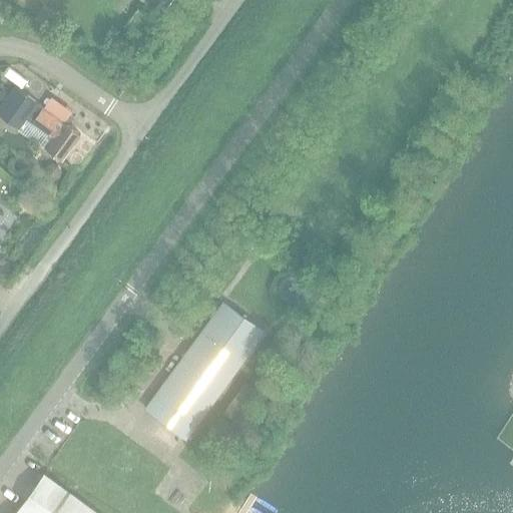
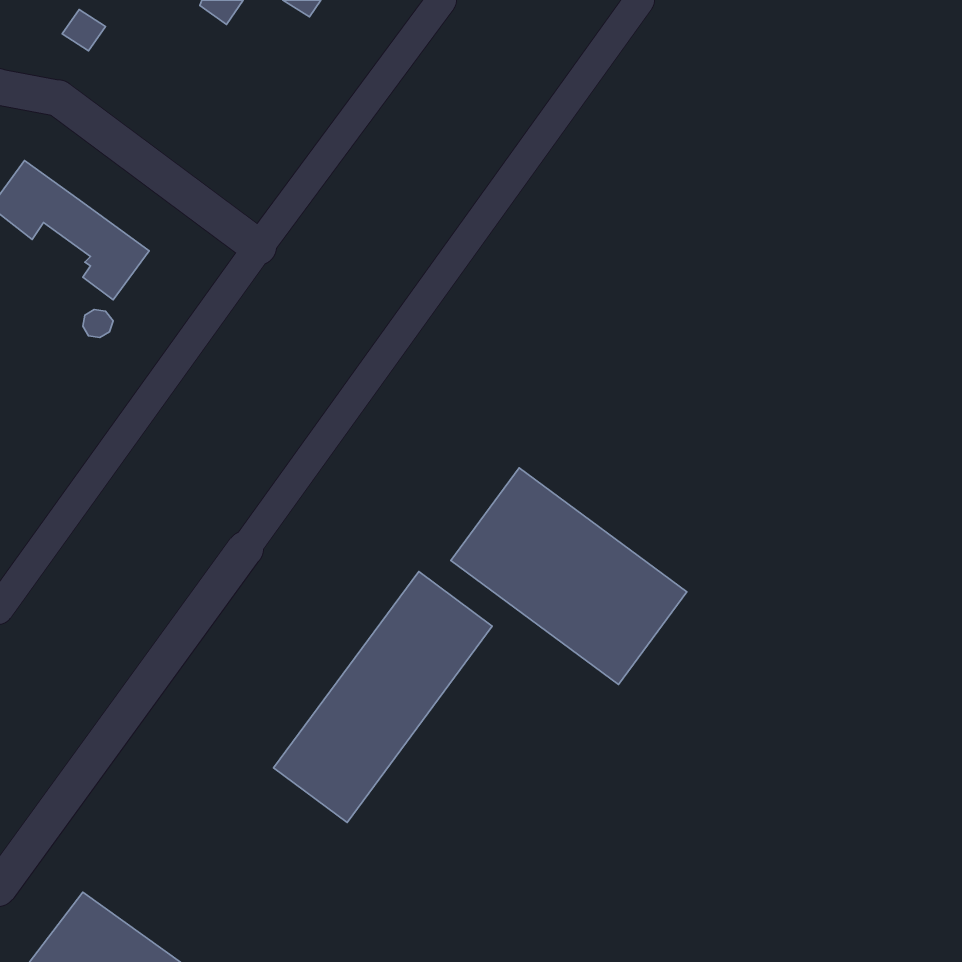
building: none -> [451,468,687,684]

